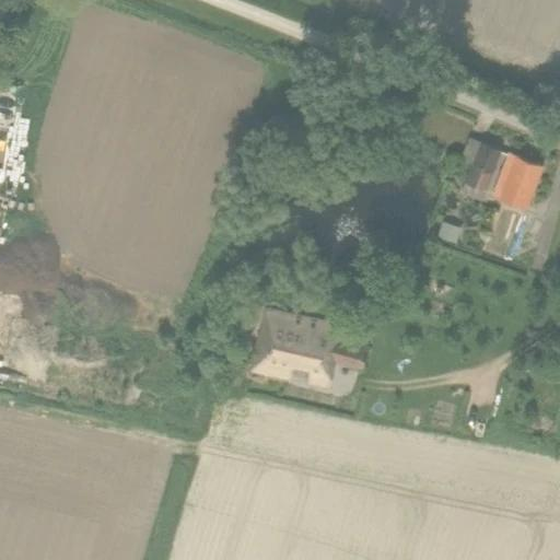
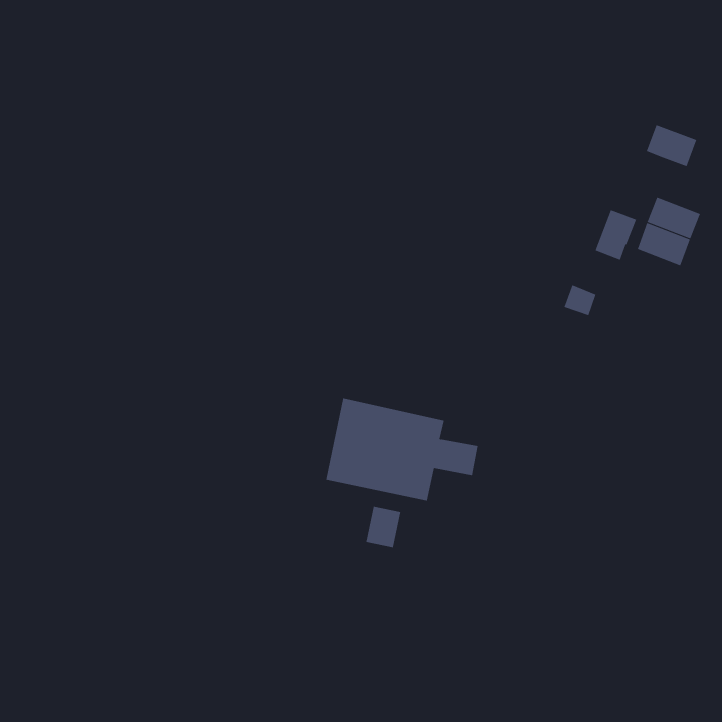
building: [460,138,500,171] -> [646,124,697,167]
building: none -> [366,506,401,548]

